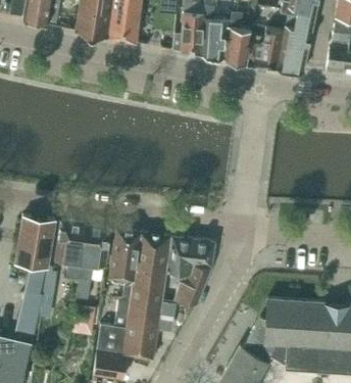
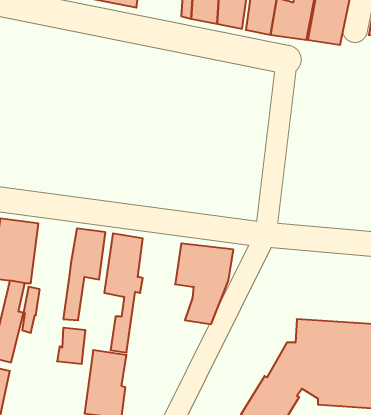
building: [56,223,87,281] -> none
building: [123,234,171,361] -> none

